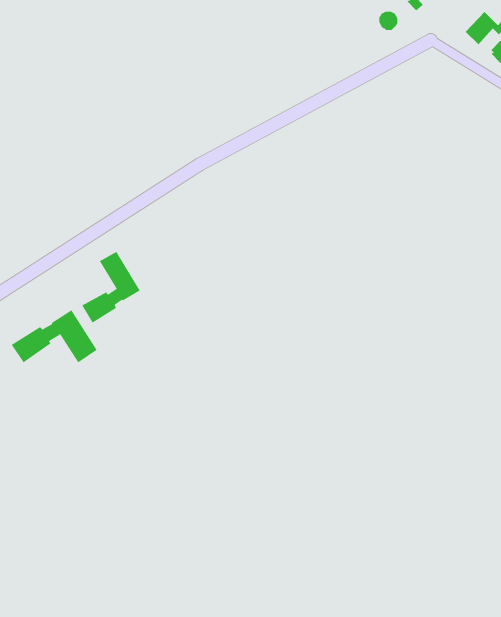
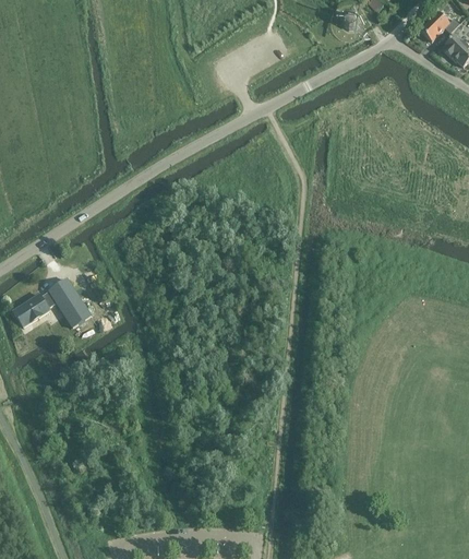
building: [82,251,141,324] -> none

